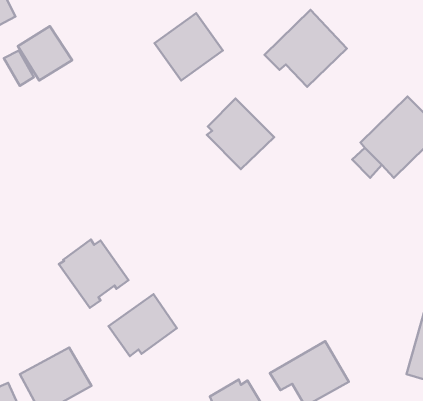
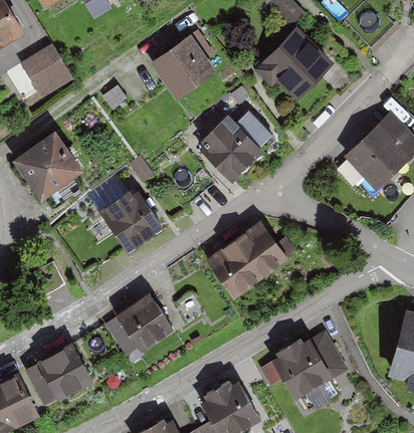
building: none -> [13,127,85,198]
building: none -> [207,220,289,297]
building: [59,240,128,308] -> [100,188,166,252]

